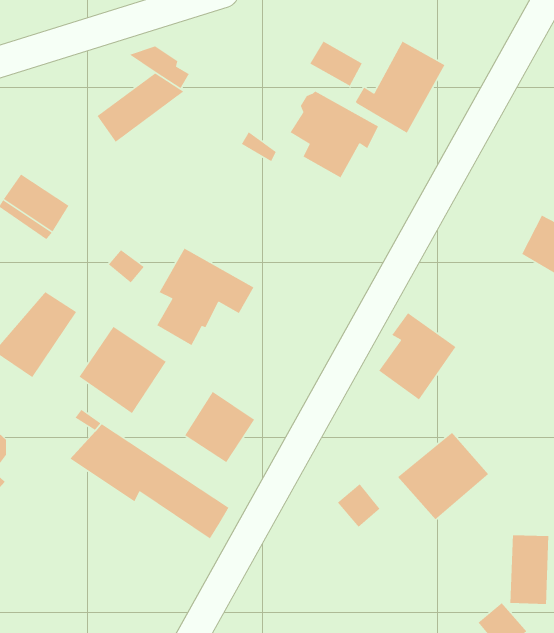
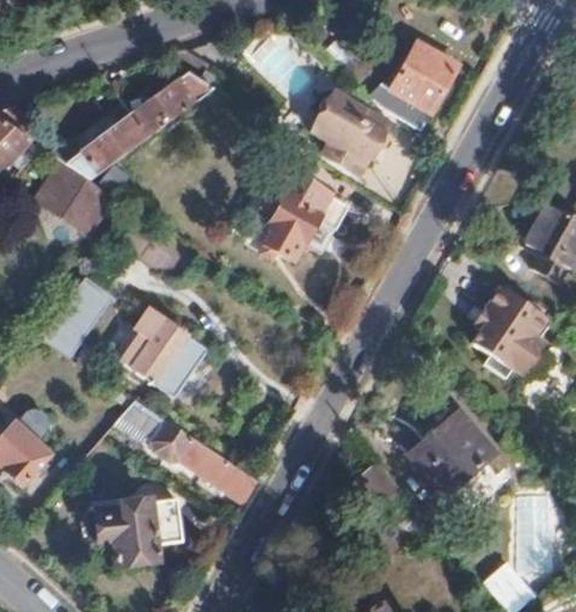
building: [309,40,363,87] -> none
building: none -> [57,112,149,178]
building: [156,248,255,346] -> [257,167,349,259]
building: [378,312,456,400] -> [474,284,547,367]
building: [184,391,255,463] -> none
building: none -> [98,501,182,562]

